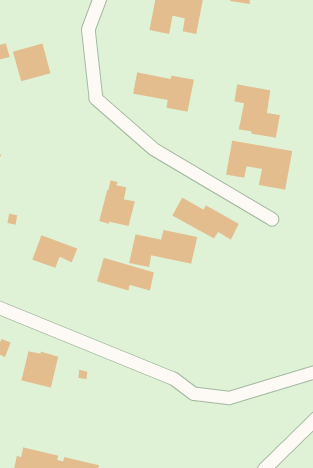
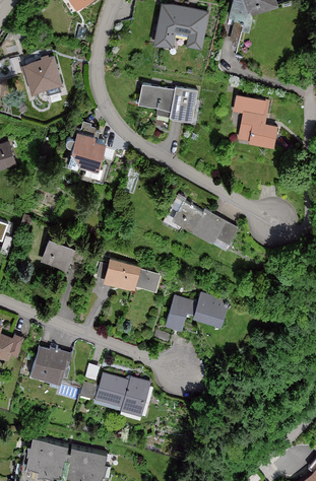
building: [225,140,293,191] -> none
building: [98,179,136,227] -> [72,124,108,168]
building: [128,229,198,268] -> [166,291,232,328]
building: none -> [82,372,152,416]

